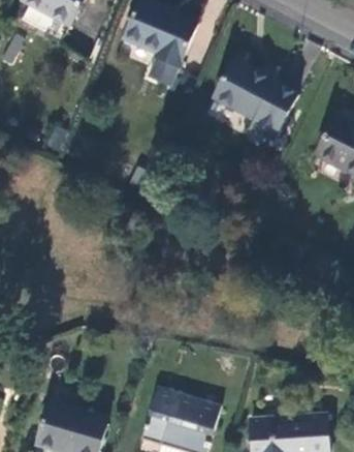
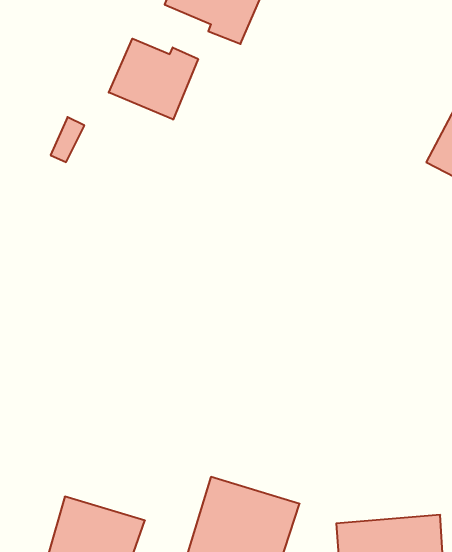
building: [213,60,297,140] -> none
building: none -> [109,39,198,120]

